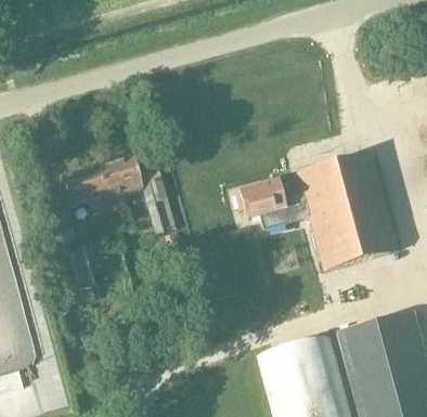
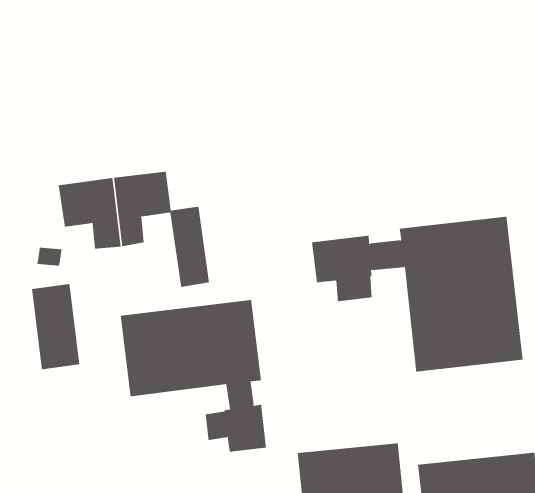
building: none -> [120,299,266,452]

